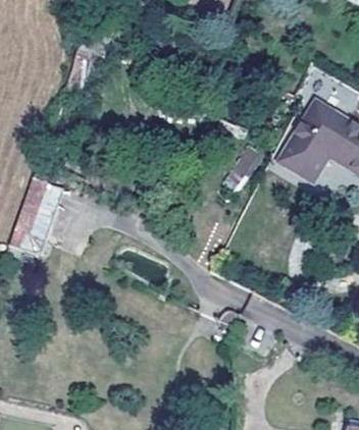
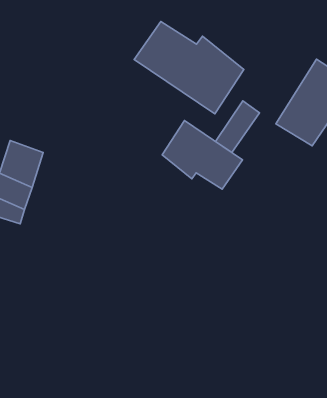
building: none -> [134,22,244,114]
building: none -> [162,121,243,189]

